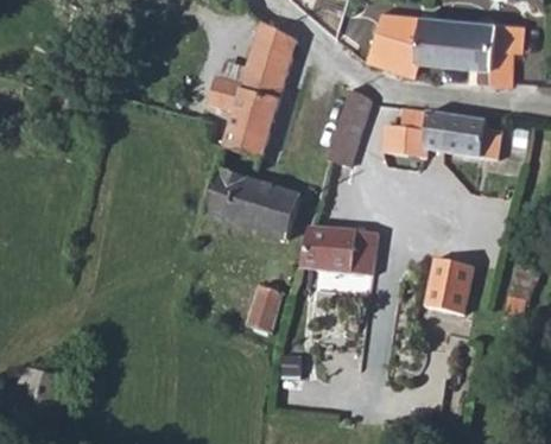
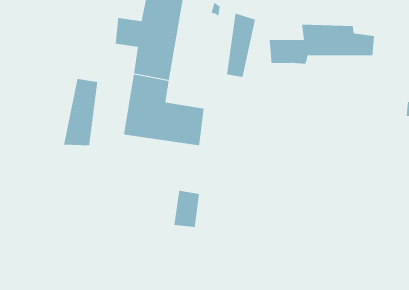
building: none -> [64,78,98,146]
building: [299,222,379,277] -> none
building: [425,258,474,313] -> none

